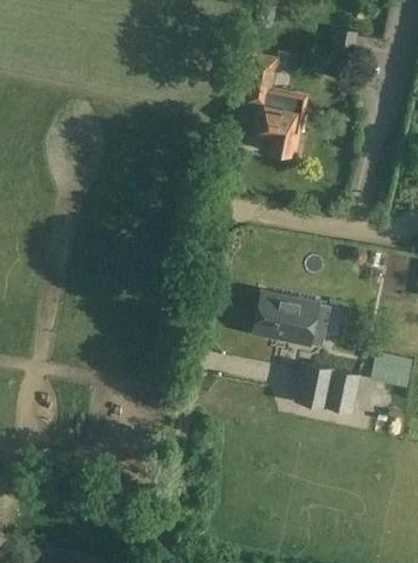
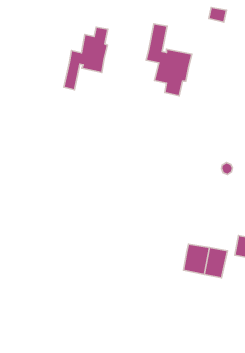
building: none -> [64,27,108,90]
building: [253,292,329,348] -> none

